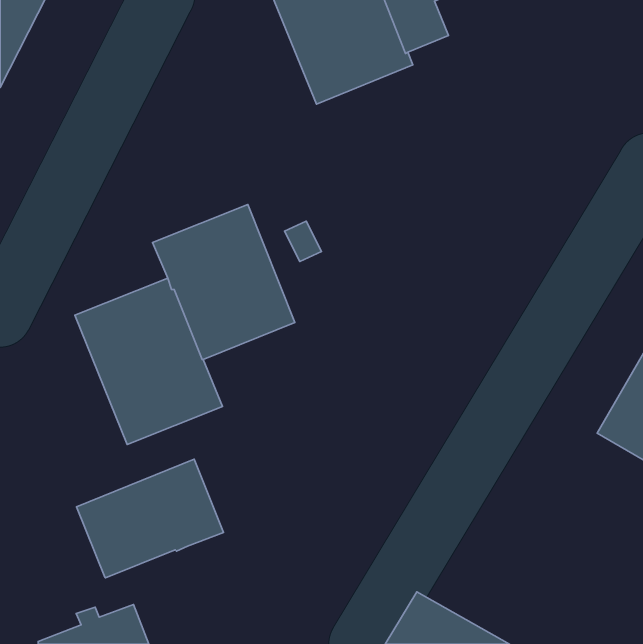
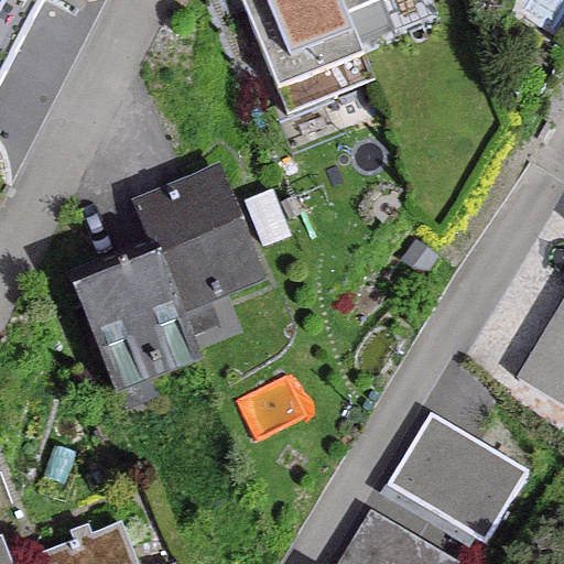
building: [77,459,223,578] -> none
building: none -> [393,420,530,545]

